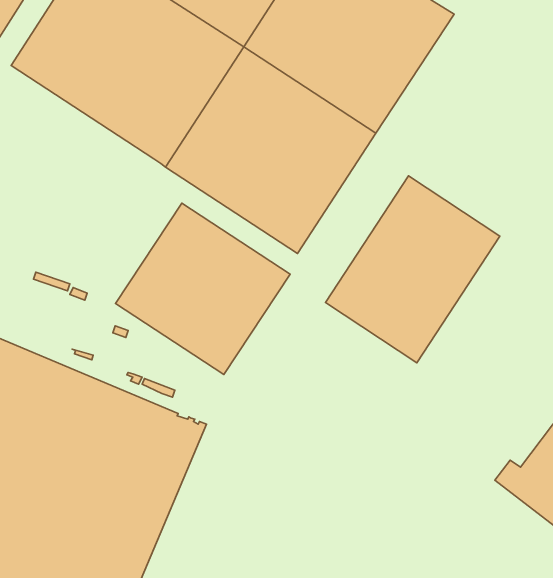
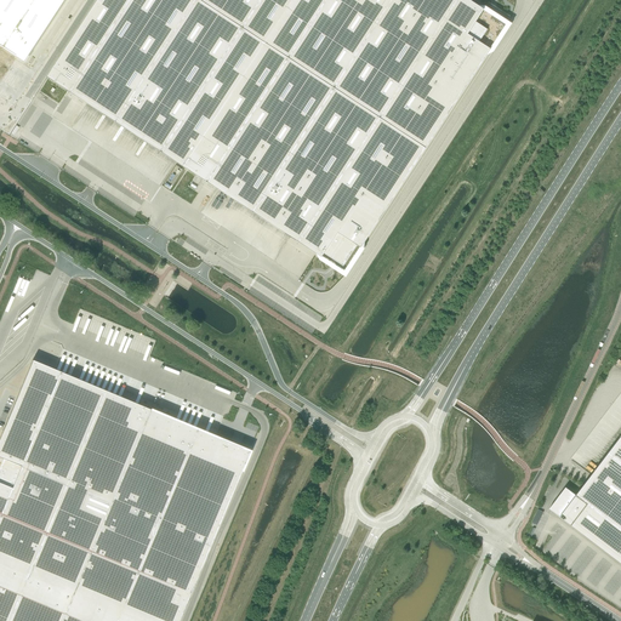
building: [326,176,500,363] -> none
building: [116,203,290,374] -> none

